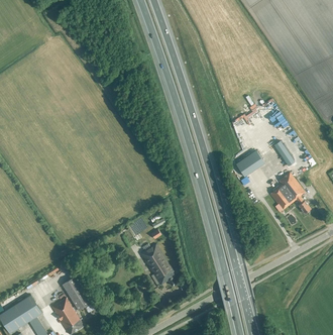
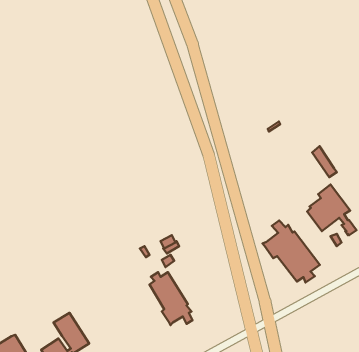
building: [236,150,264,177] -> none
building: none -> [262,220,320,283]

